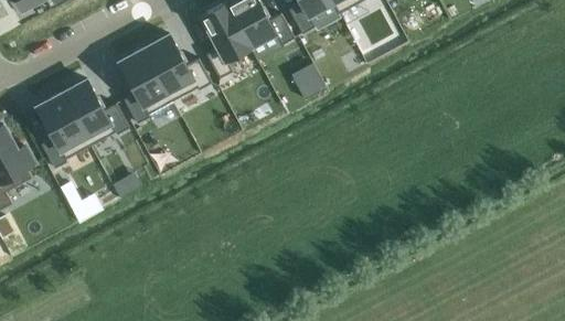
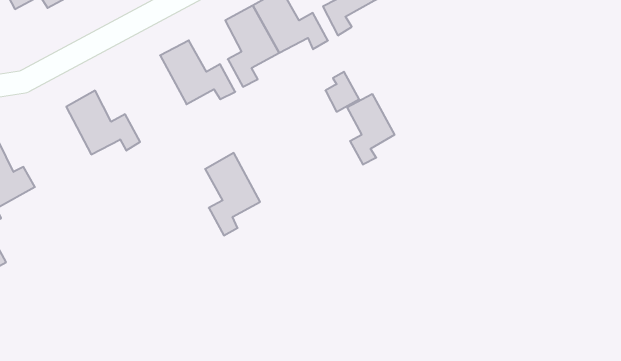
building: [121,50,170,122] -> [205,153,260,235]
building: none -> [347,94,394,165]
building: [39,95,86,167] -> none

